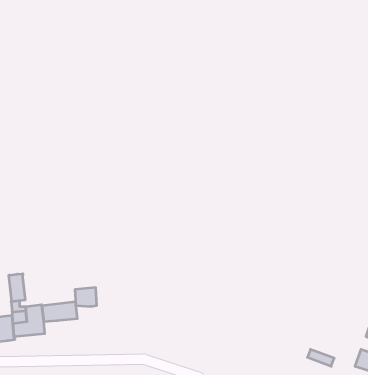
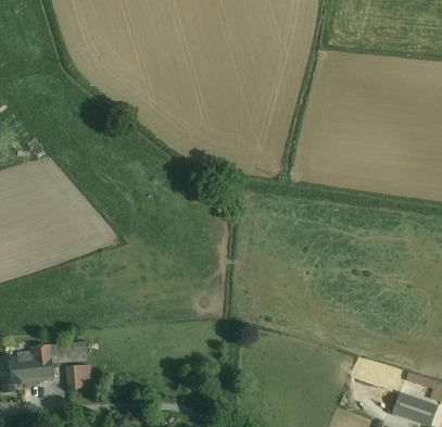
building: [9,274,25,301] -> none
building: [75,288,97,306] -> [66,362,90,382]

